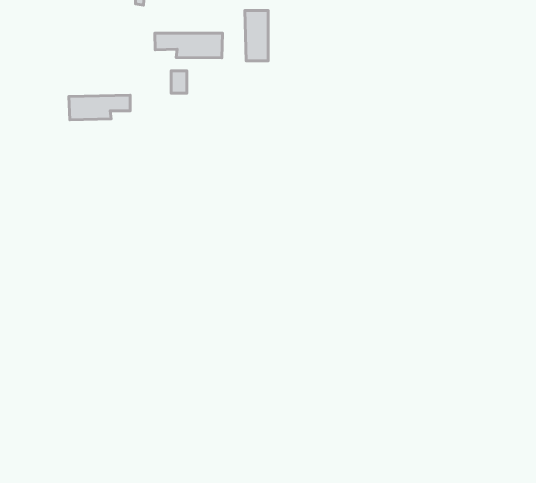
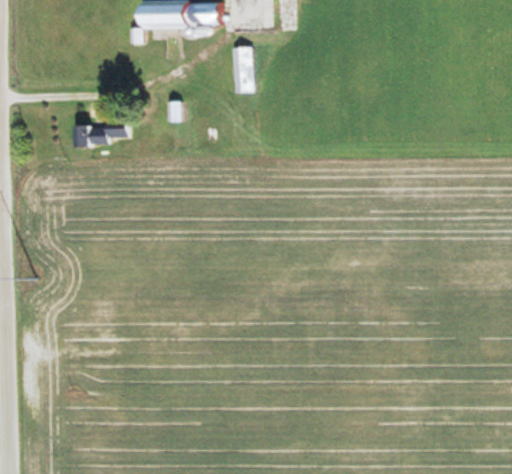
building: [155,33,222,58] -> none

